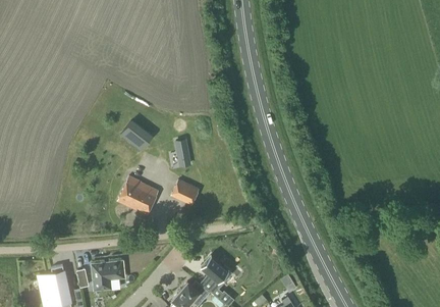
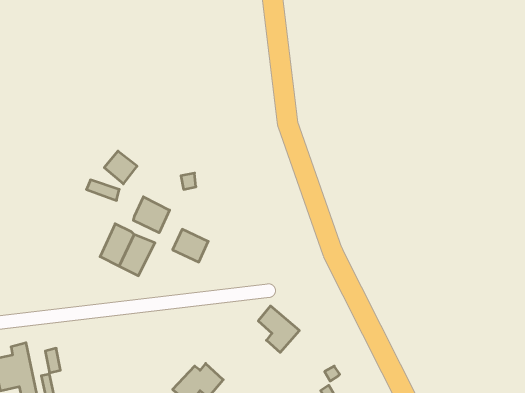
building: none -> [133,197,170,233]
building: [202,255,232,290] -> [258,306,299,352]
building: [92,261,125,291] -> none

